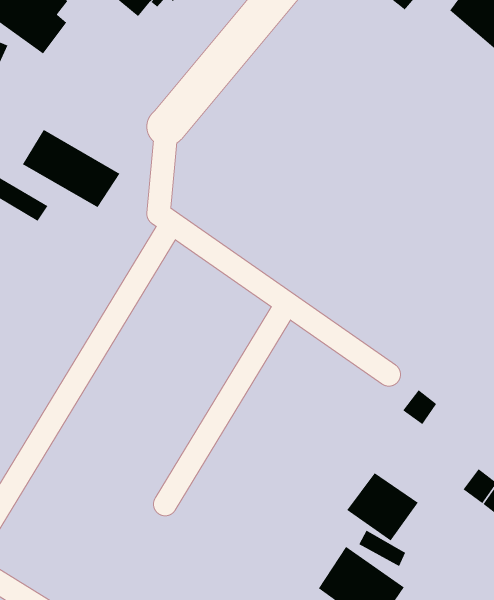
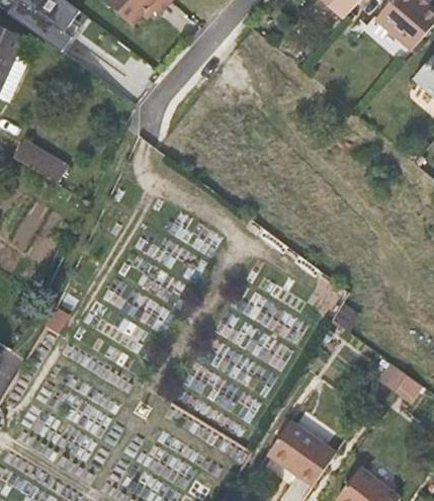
building: [22,129,120,208] -> none
building: [346,472,419,542] -> none

